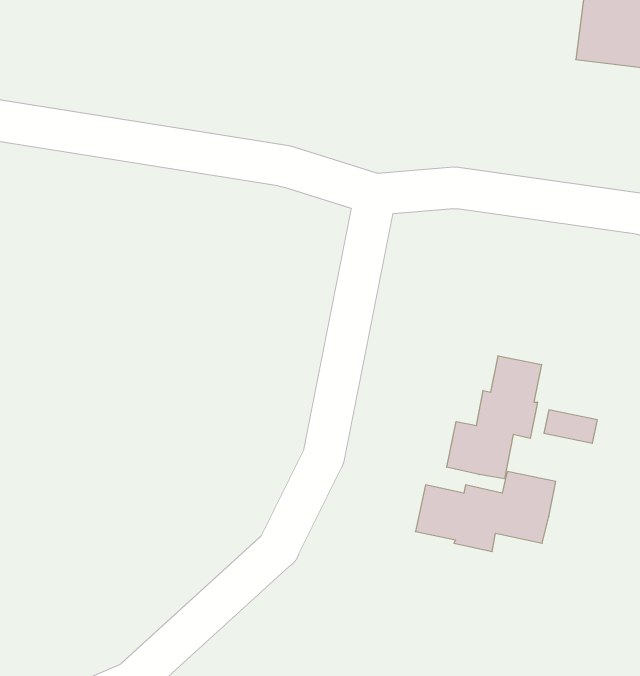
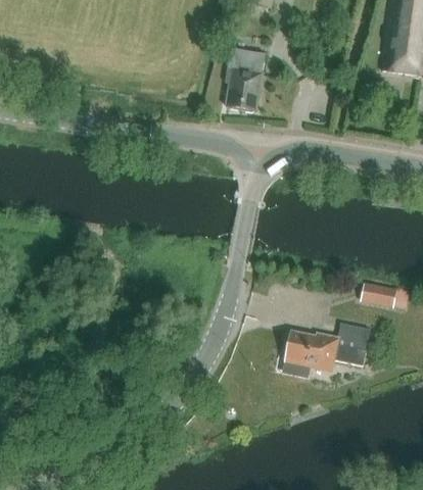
building: none -> [227,48,267,110]
building: [447,356,542,479] -> none

